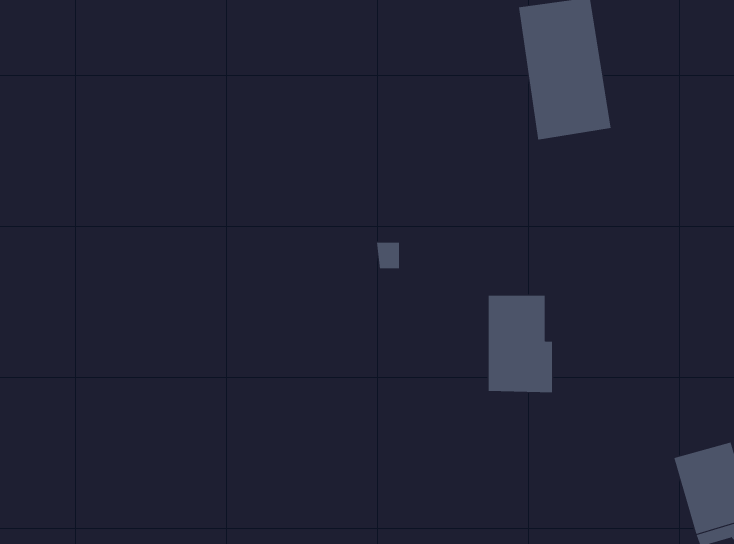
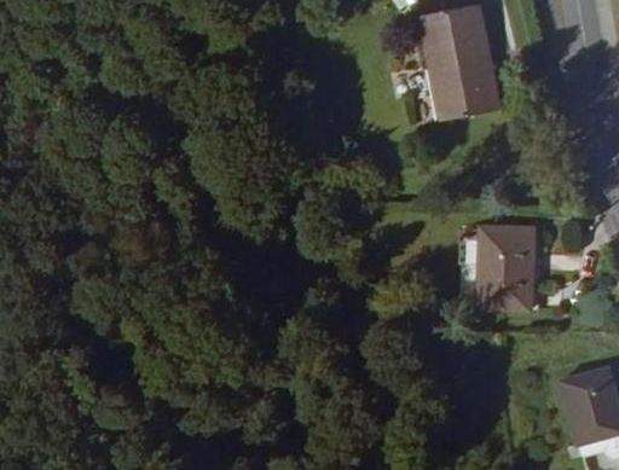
building: [488,295,553,393] -> [472,227,525,307]

